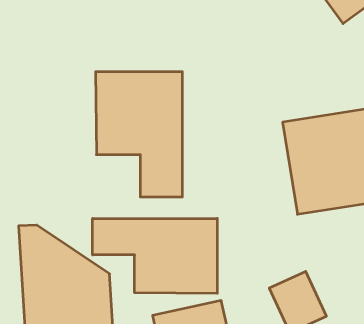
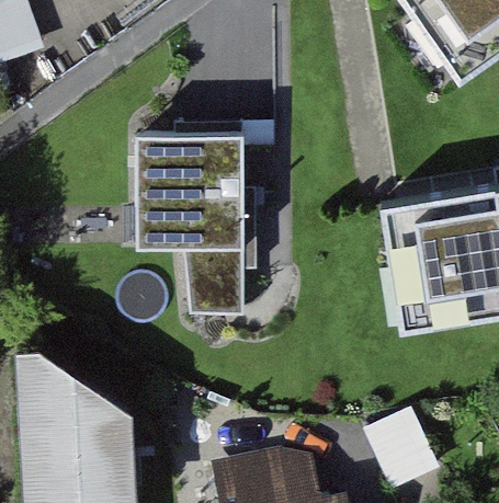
building: [93,218,217,293] -> none

